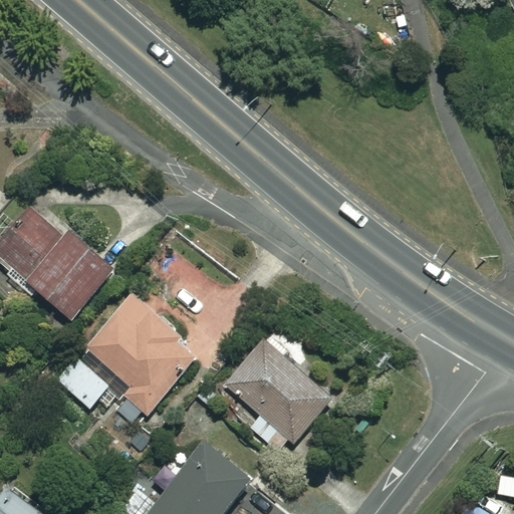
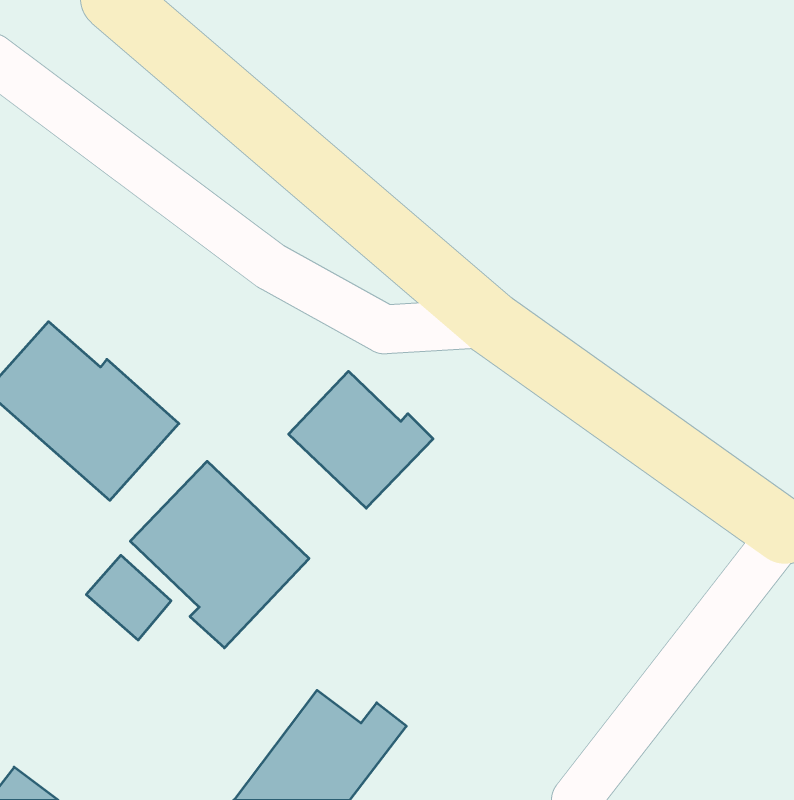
building: none -> [289,371,433,508]
building: [222,339,333,459] -> none

